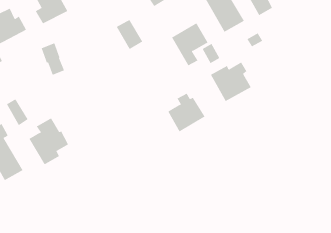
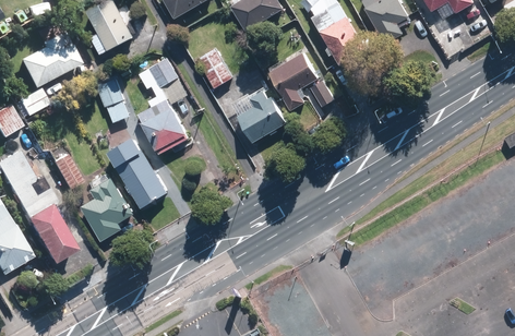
building: none -> [139,56,188,149]
building: [210,61,251,102] -> none
building: none -> [105,137,164,208]
building: [167,93,205,132] -> [238,89,288,142]

